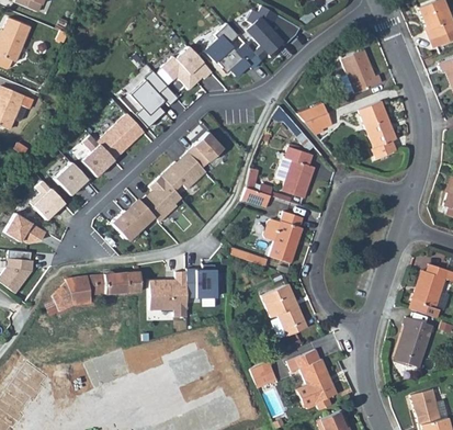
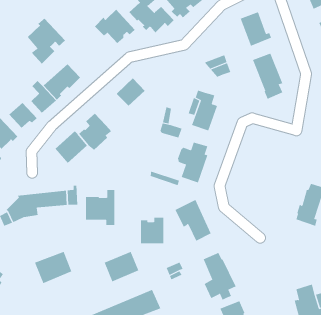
building: [131,70,179,128] -> [27,18,66,64]
building: [162,152,207,193] -> none
building: [188,264,217,297] -> [140,217,164,244]
building: [396,316,432,367] -> none

